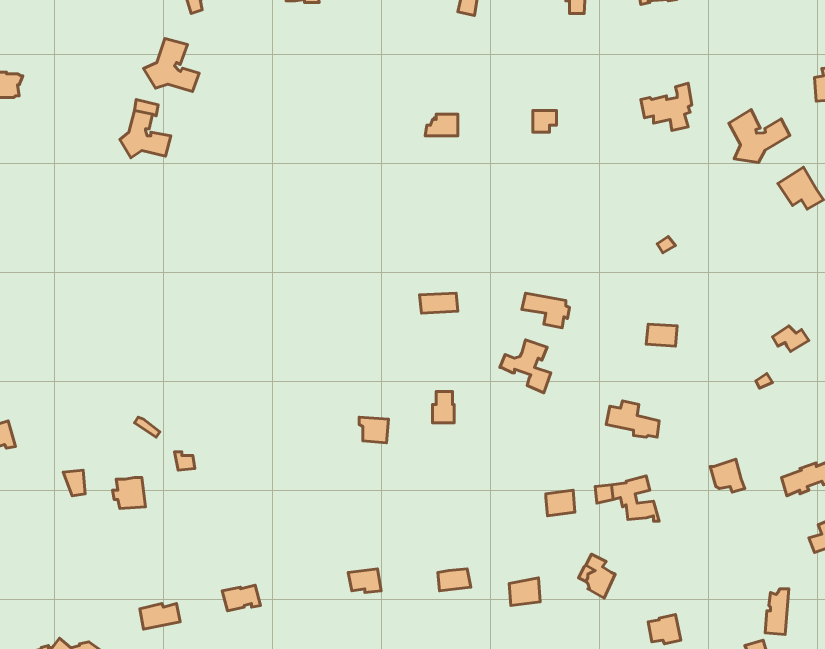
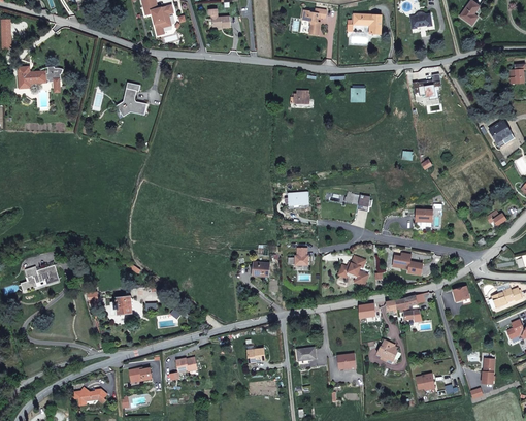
building: [144,38,199,91] -> none
building: [729,109,790,162] -> none
building: [500,340,551,393] -> [338,256,367,286]

